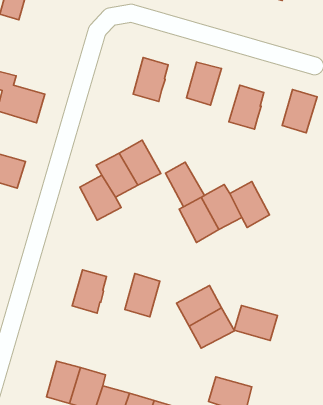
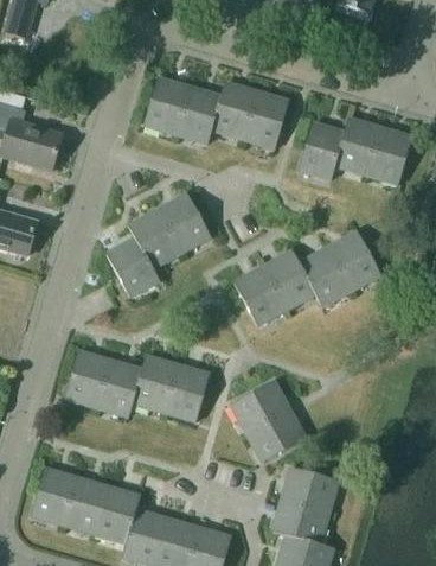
building: none -> [143,78,188,134]
building: none -> [212,83,257,139]
building: none -> [335,119,380,174]
building: [166,162,204,207] -> none
building: none -> [328,231,380,290]
building: none -> [65,351,110,407]
building: none -> [134,356,178,412]
building: [234,305,277,340] -> [282,466,338,511]
building: none -> [31,468,77,524]

